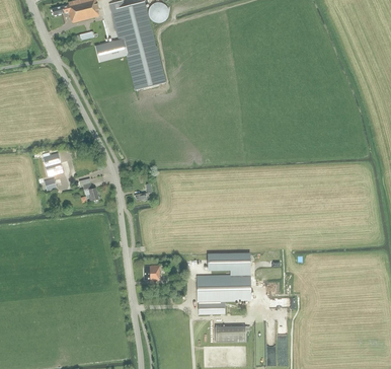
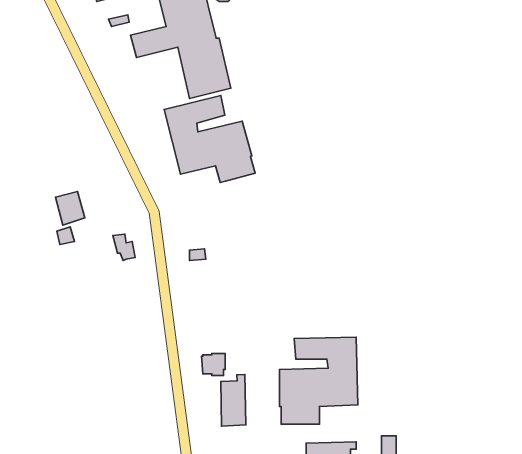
building: none -> [164,95,255,183]
building: none -> [221,375,246,426]

